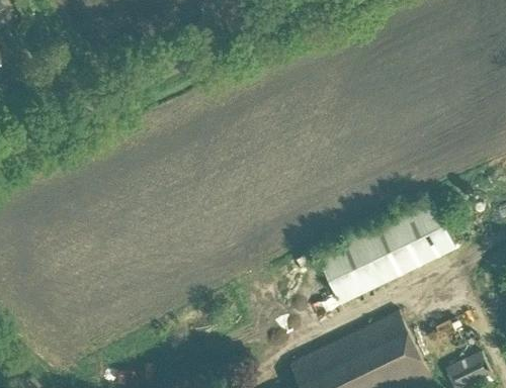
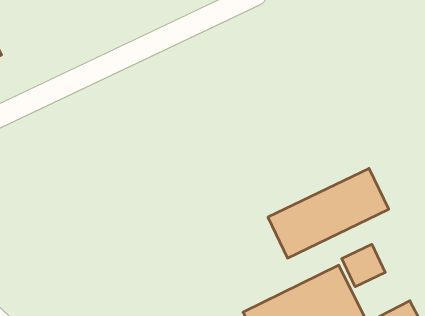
building: none -> [342,244,385,287]

